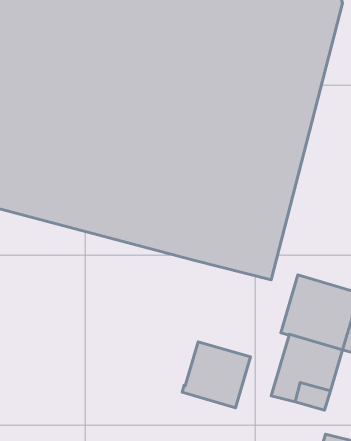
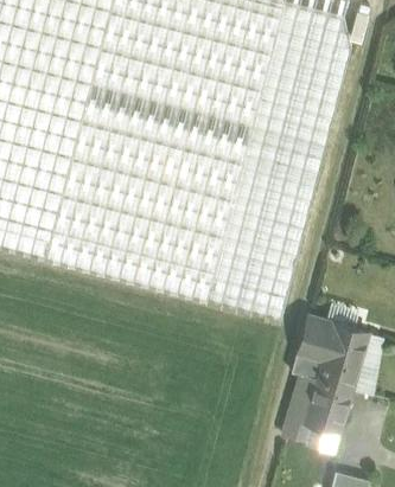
building: [182,342,250,408] -> none

